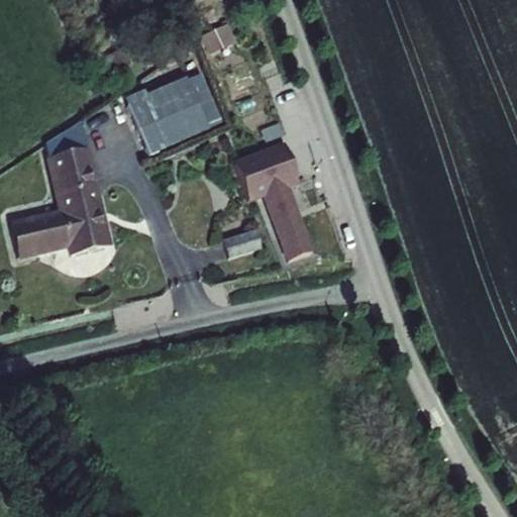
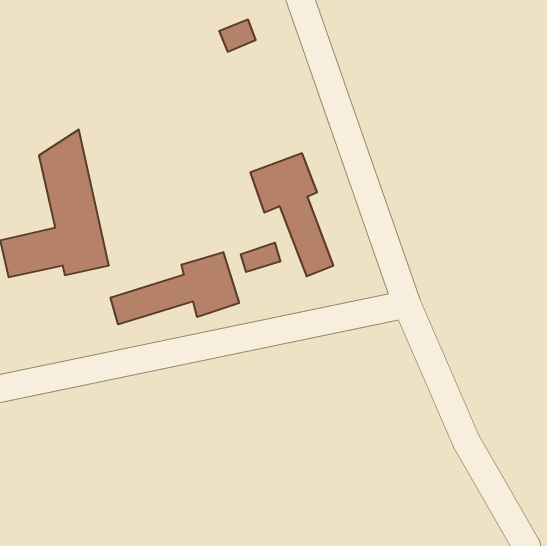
building: [130,73,212,152] -> none
building: none -> [111,252,239,324]

